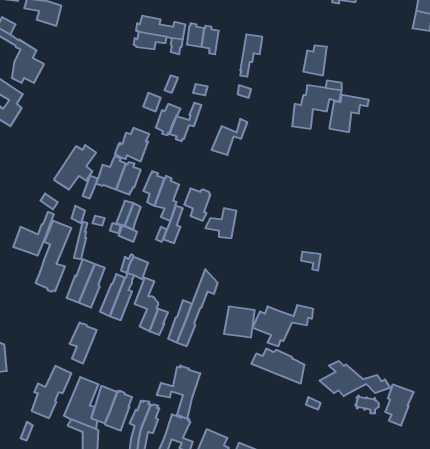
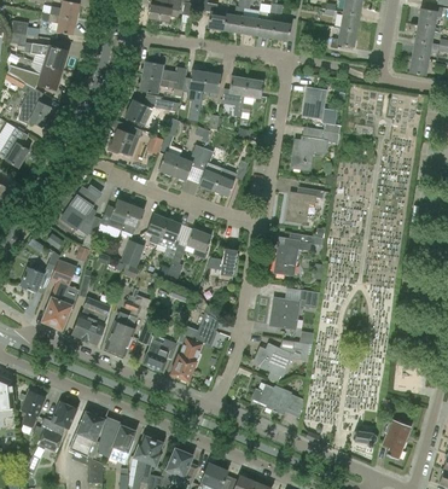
building: none -> [25,64,62,89]
building: none -> [221,76,246,113]
building: none -> [124,97,169,126]
building: [329,95,369,132] -> [285,187,324,223]
building: none -> [196,147,222,191]
building: [115,128,149,161] -> [106,124,140,157]
building: none -> [274,233,322,274]
building: [224,306,255,337] -> [269,298,299,328]
building: [69,323,97,364] -> [19,389,46,429]
building: [320,361,390,396] -> none
building: [157,365,200,419] -> none

